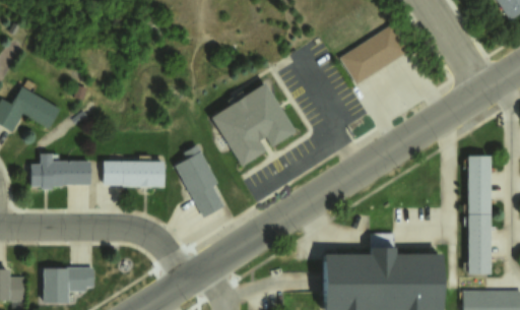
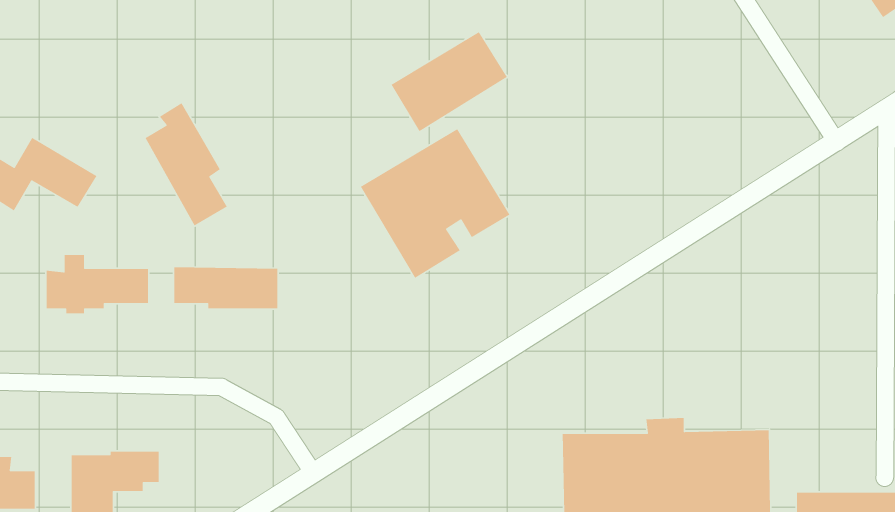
building: [340,24,407,82] -> [391,31,508,132]
building: [176,144,223,215] -> [145,102,228,226]
building: [468,154,491,273] -> none

